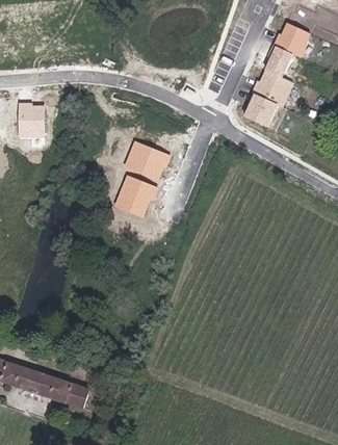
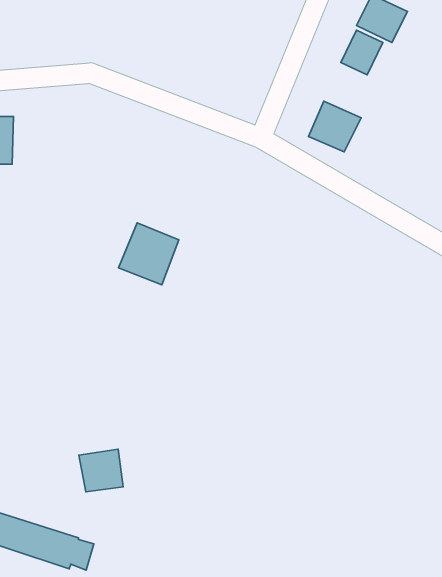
building: [252,69,293,104] -> none
building: [125,140,171,177] -> none
building: none -> [79,449,123,492]

